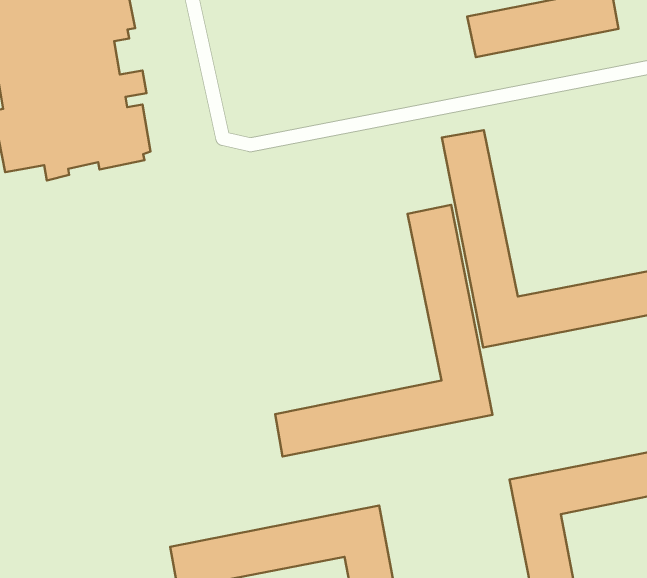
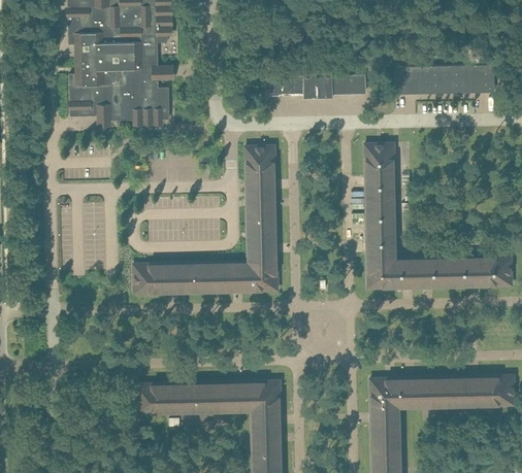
building: none -> [270,73,366,98]
building: [275,205,493,456] -> [133,146,278,294]

